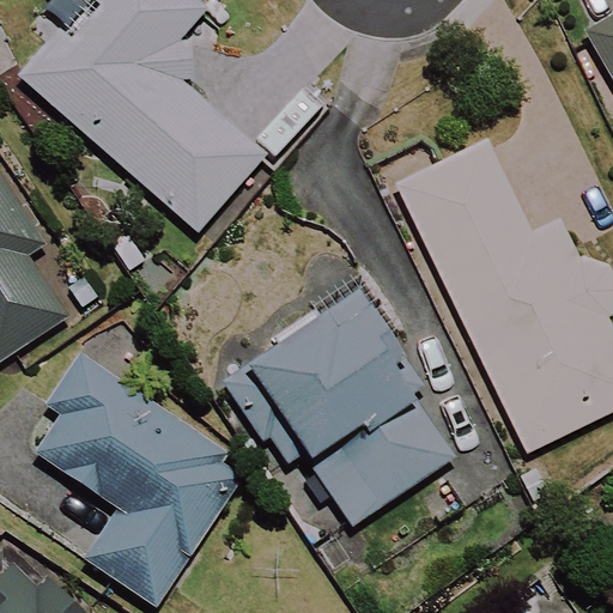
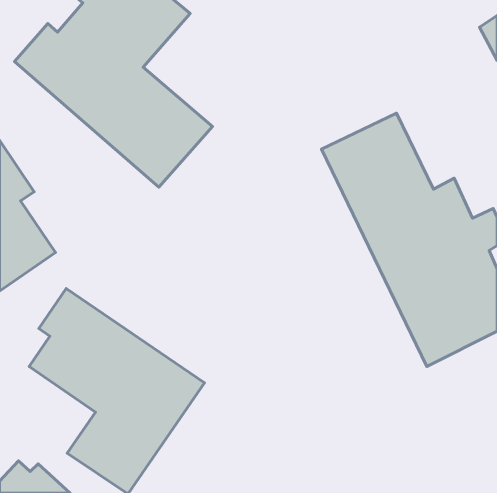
building: [249,296,457,523] -> none

